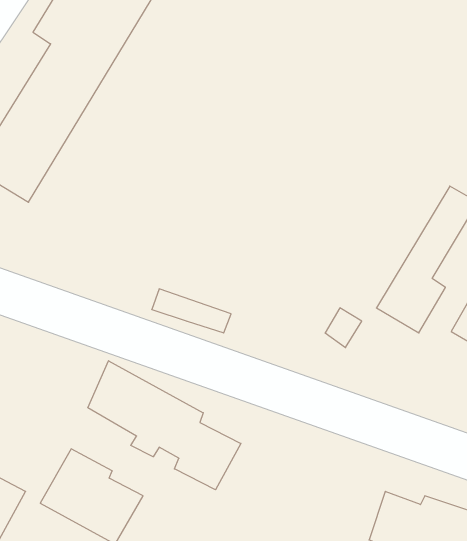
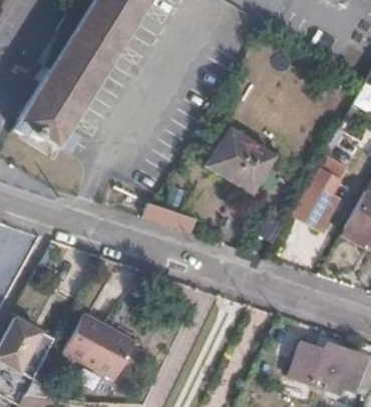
building: none -> [207,127,277,194]
building: [88,361,241,490] -> none

